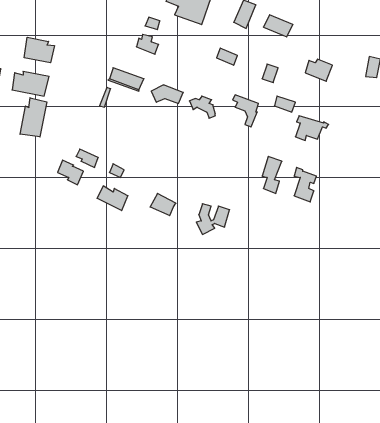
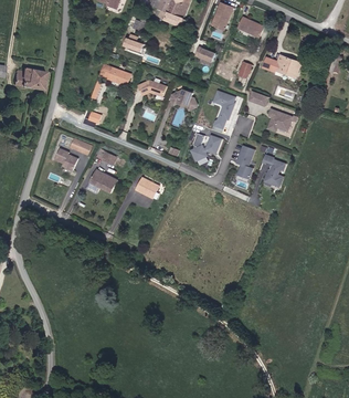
building: [24,37,54,63] -> none
building: [20,98,47,137] -> none
building: [196,204,230,234] -> [190,133,220,160]

